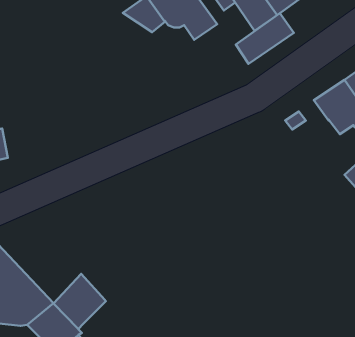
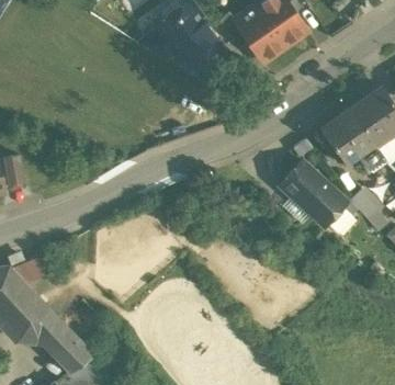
building: [236,13,294,64] -> none
building: none -> [279,161,347,227]
building: [54,274,106,329] -> none

